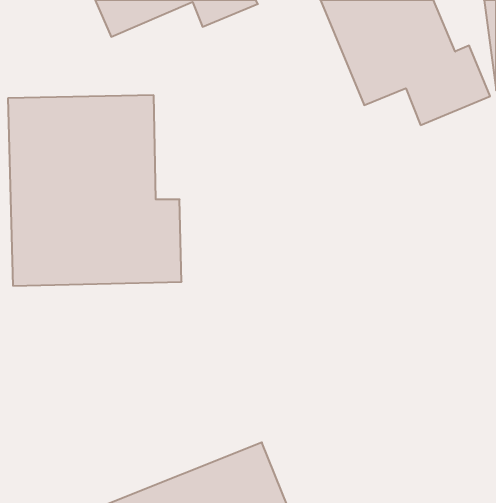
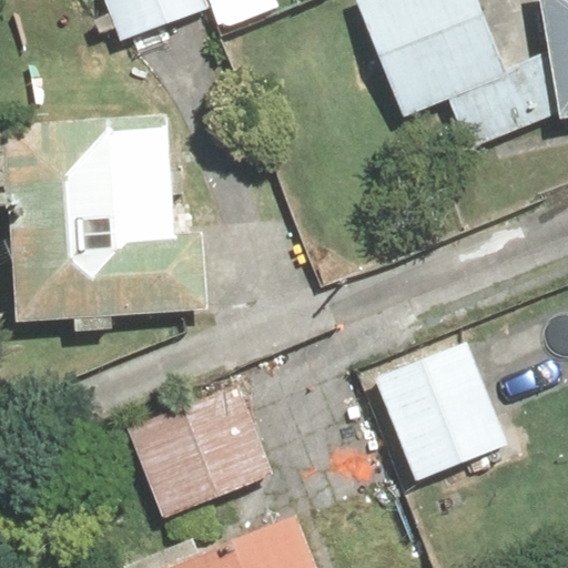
building: none -> [363,335,509,486]
building: none -> [124,374,275,515]

